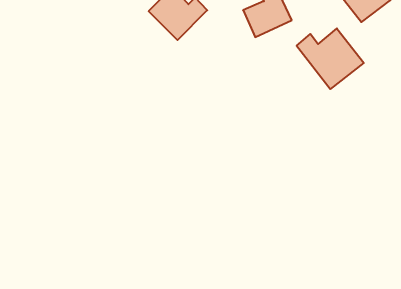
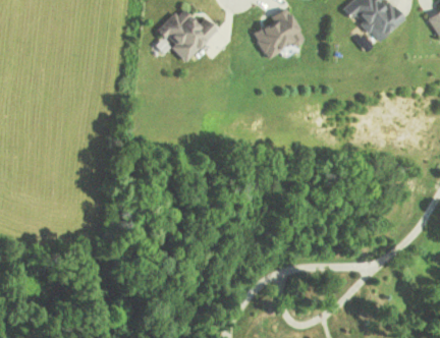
building: [297,28,364,89] -> none

